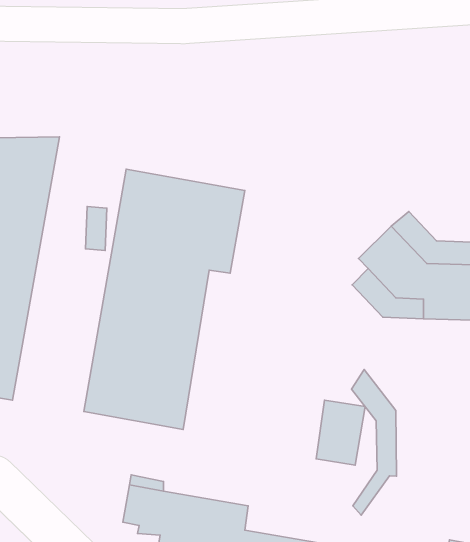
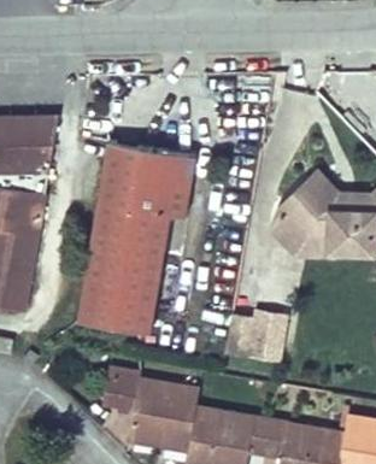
building: [351,370,397,515] -> none

